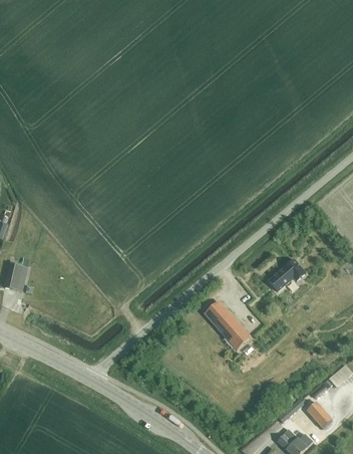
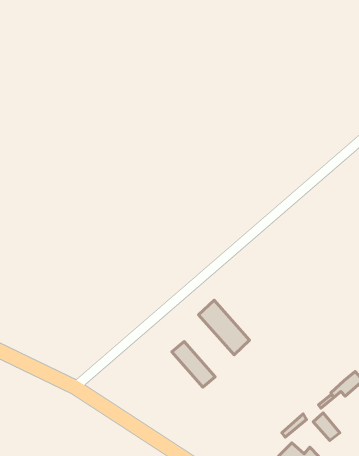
building: [269,258,306,290] -> none
building: none -> [172,342,215,387]

